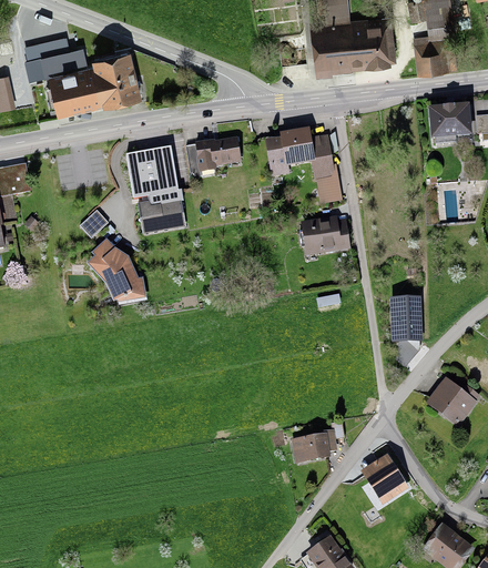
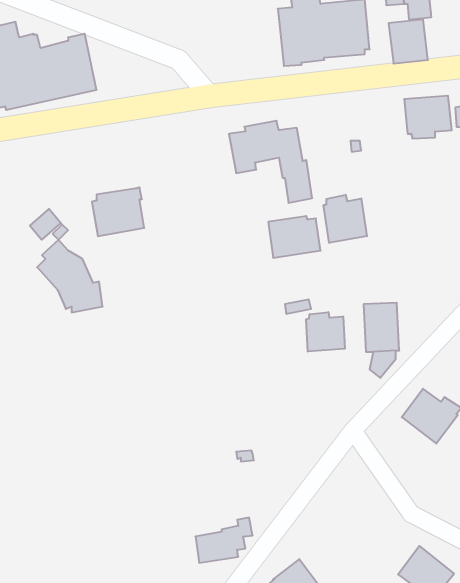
building: [185,136,241,175] -> none
building: [125,145,177,197] -> none
building: none -> [324,195,367,243]
building: none -> [306,312,345,352]
building: [291,420,344,463] -> [195,518,253,563]
building: [359,454,408,507] -> none

